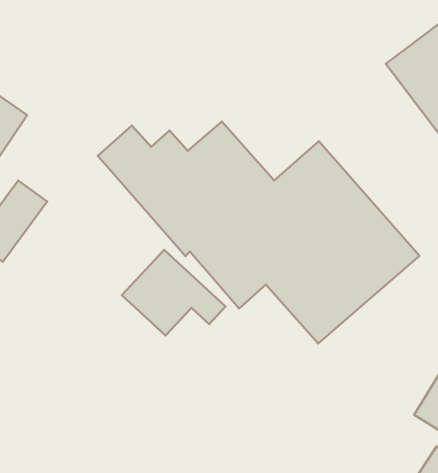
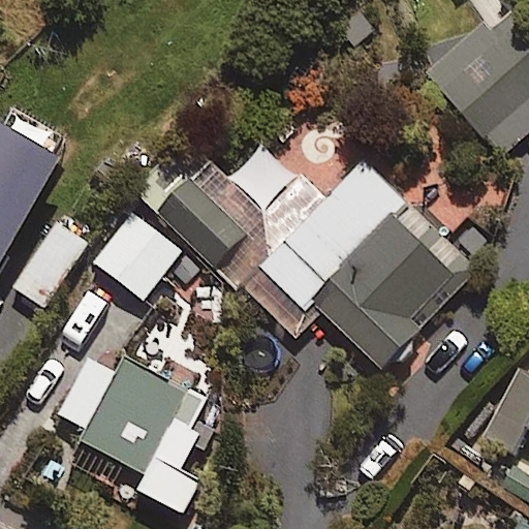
building: [122,250,226,336] -> [94,212,203,301]
building: none -> [56,356,216,514]

